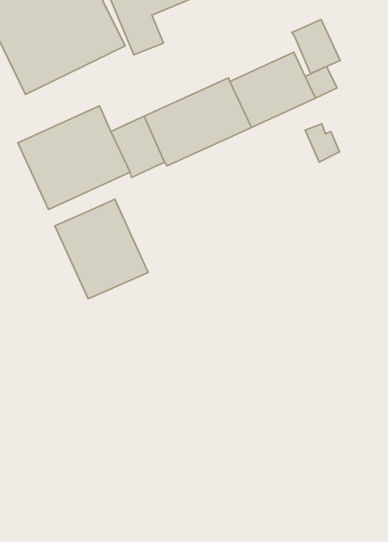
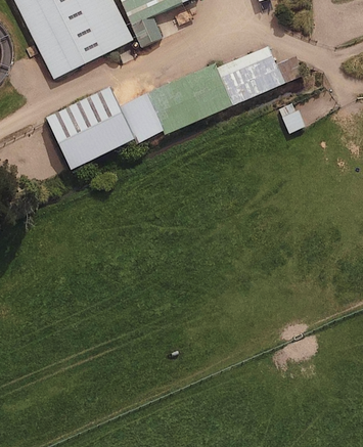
building: [292,19,340,73] -> none
building: [55,199,148,299] -> none

